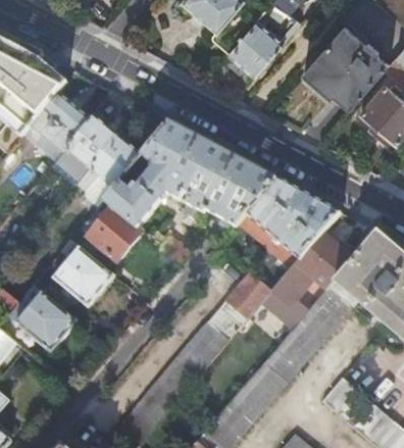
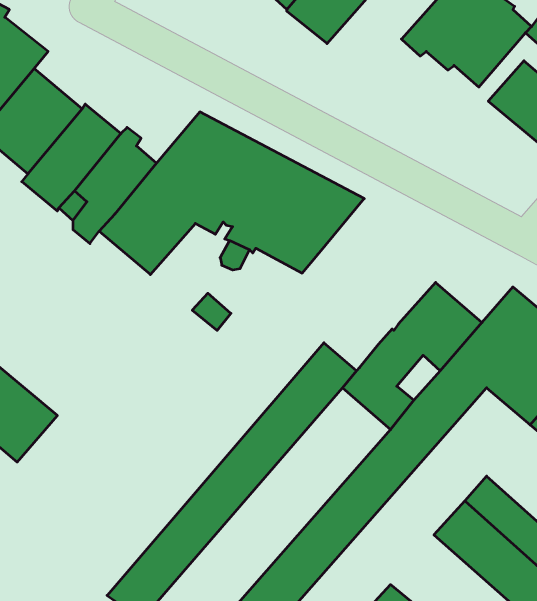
building: [248,178,344,260] -> none
building: [81,199,144,262] -> none
building: [53,240,114,307] -> none

